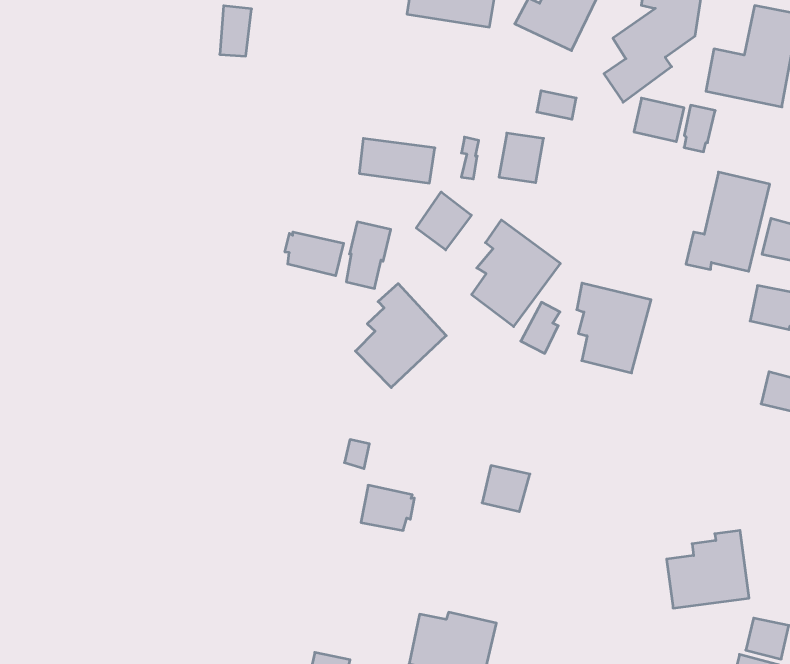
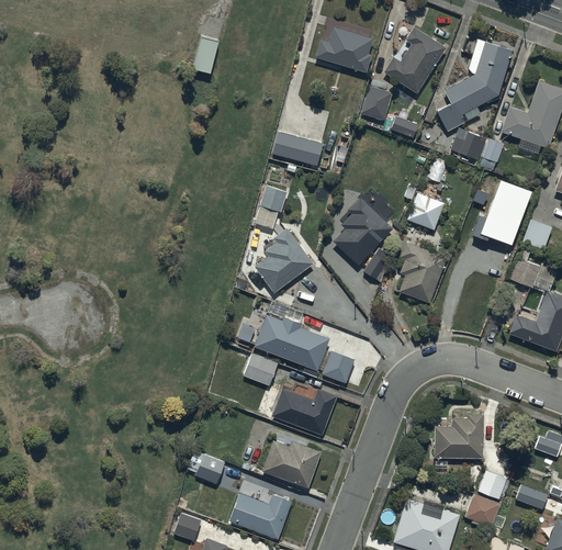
building: [499,133,544,183] -> [360,86,392,120]
building: [416,192,471,250] -> none
building: none -> [405,191,443,229]
building: [285,232,344,276] -> none
building: none -> [254,314,328,377]
building: none -> [271,389,337,436]

